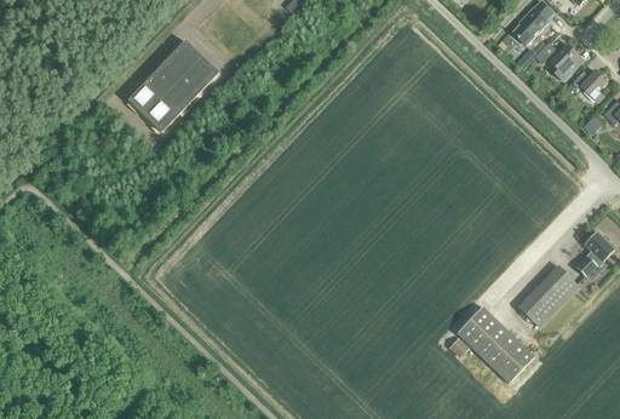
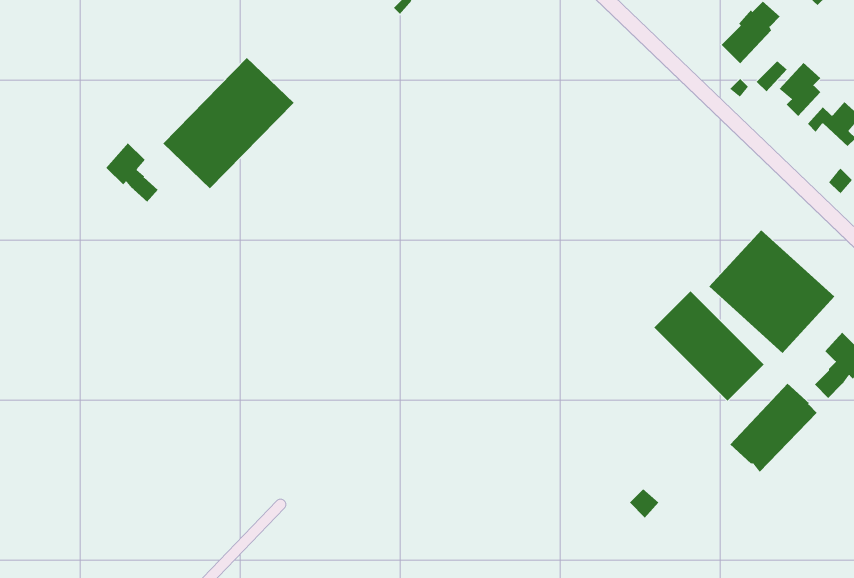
building: none -> [106,142,158,203]
building: none -> [709,229,835,354]
building: [457,305,533,381] -> [654,291,765,402]

